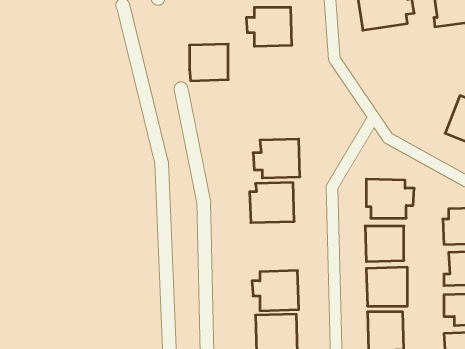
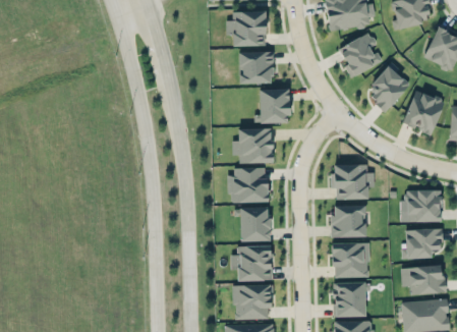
building: none -> [340,33,383,77]
building: [189,44,228,81] -> [239,51,274,84]
building: none -> [365,62,410,110]
building: none -> [254,89,290,123]
building: none -> [239,207,271,241]

